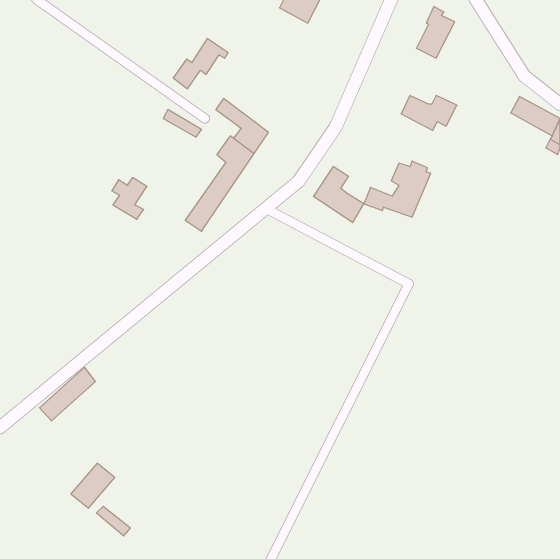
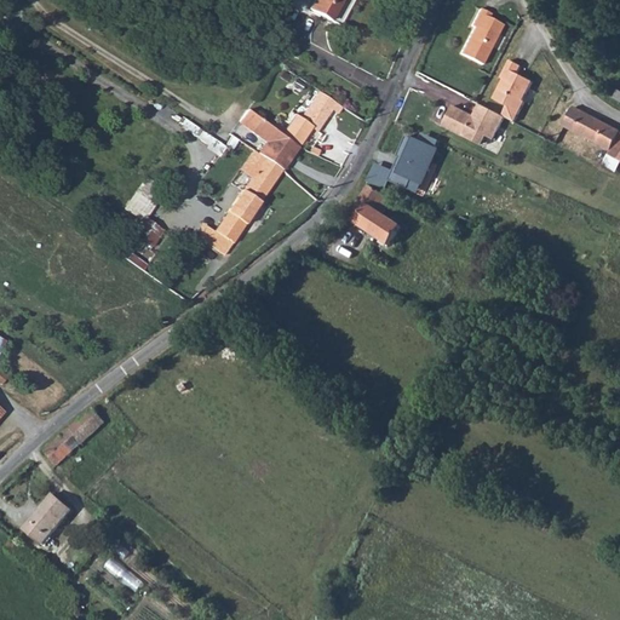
building: [173,38,228,89] -> [281,91,341,147]
building: none -> [494,59,533,121]
building: [364,161,431,217] -> [368,136,442,197]
building: [71,463,115,508] -> [24,494,73,544]

